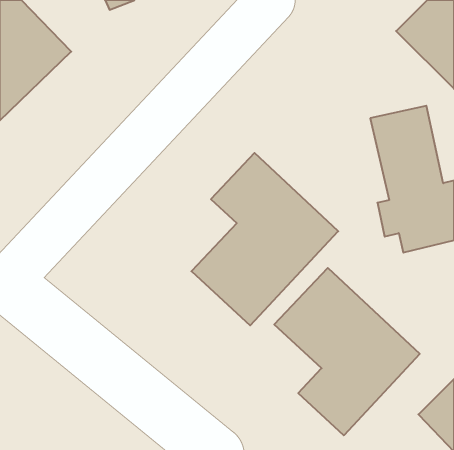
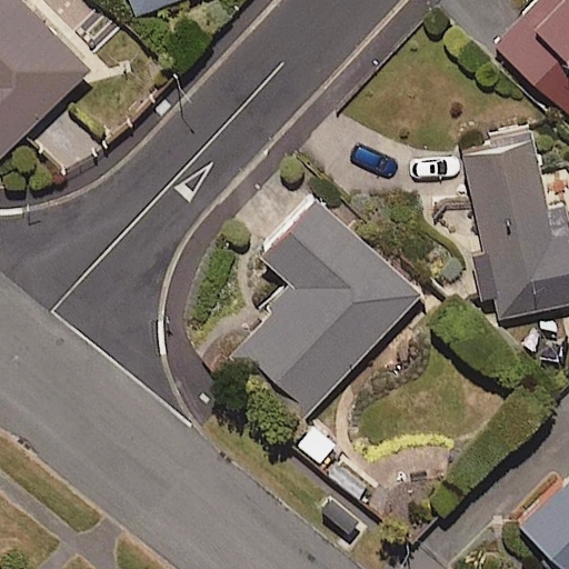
building: [274,268,420,435] -> none

